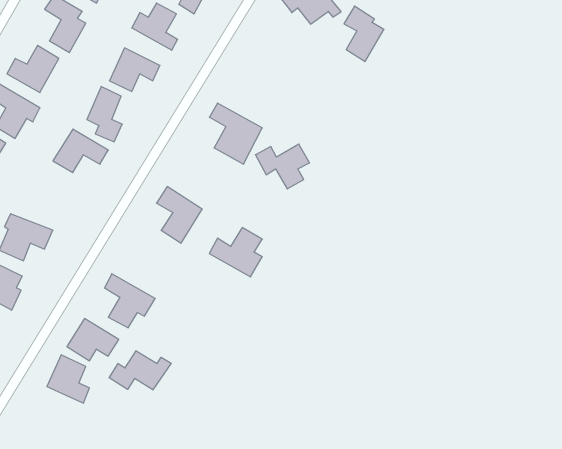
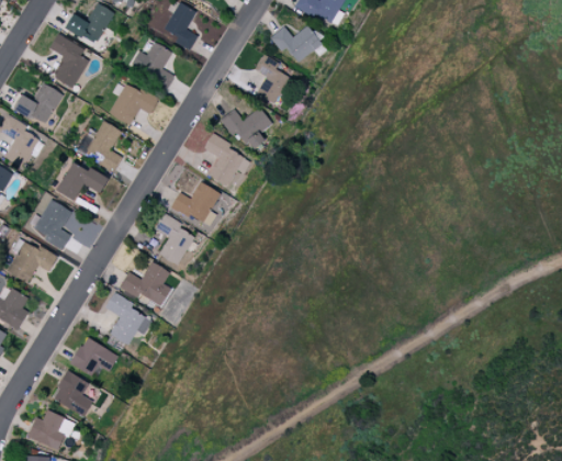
building: [344,6,384,61] -> [254,54,291,105]
building: [255,144,310,189] -> [221,109,271,150]
building: none -> [171,181,221,225]
building: none -> [34,200,71,251]
building: [209,228,262,277] -> [121,262,170,308]
building: [109,351,171,390] -> none
building: none -> [27,411,72,451]

